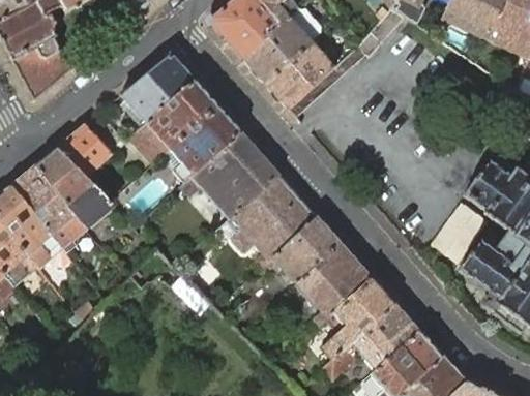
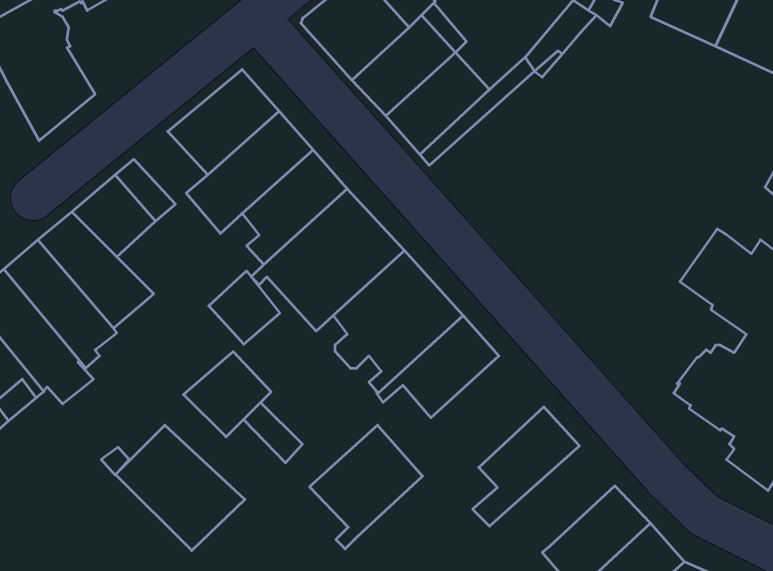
building: none -> [209,271,280,344]
building: [433,202,487,263] -> none
building: none -> [183,352,271,437]
building: [296,243,372,326] -> [310,425,423,549]
building: none -> [116,425,245,551]
building: [325,303,419,377] -> none

